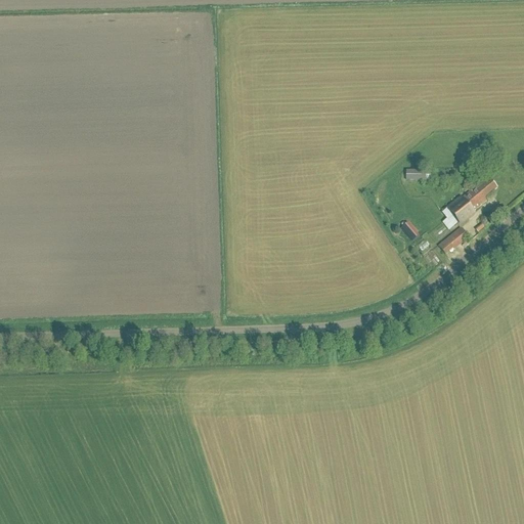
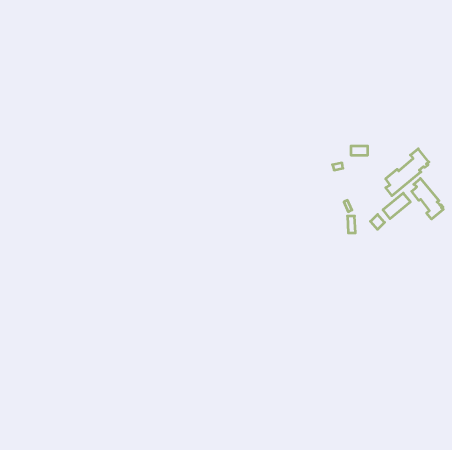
building: none -> [412,178,443,219]

